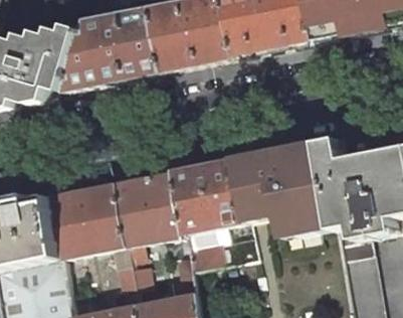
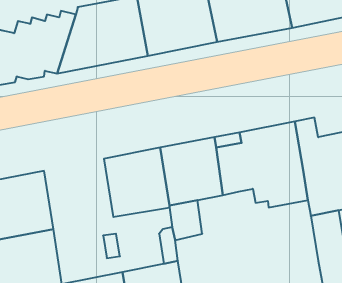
building: [54,182,129,258] -> none

